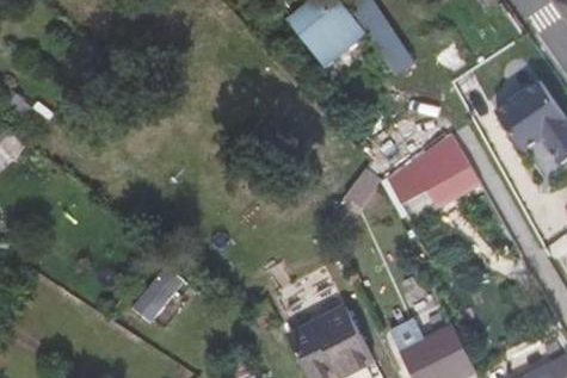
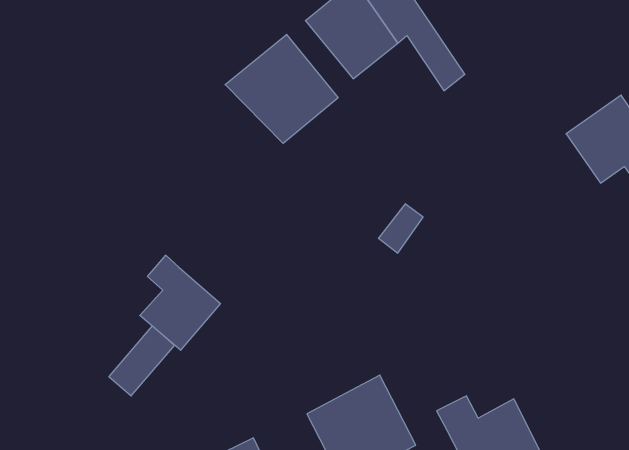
building: none -> [225,34,338,143]
building: [384,135,480,204] -> none
building: none -> [140,255,220,350]

